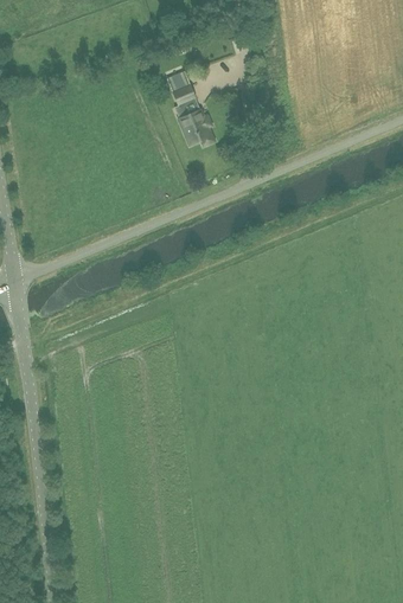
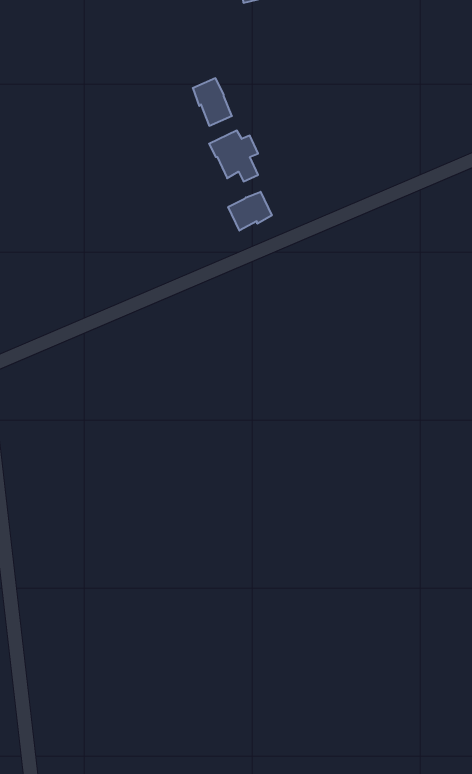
building: none -> [228,192,272,231]

